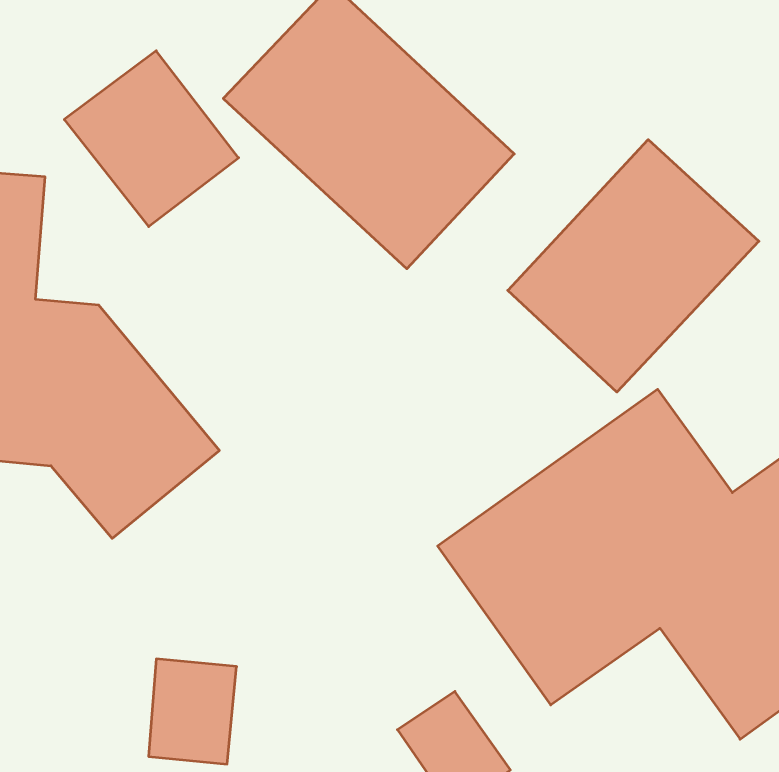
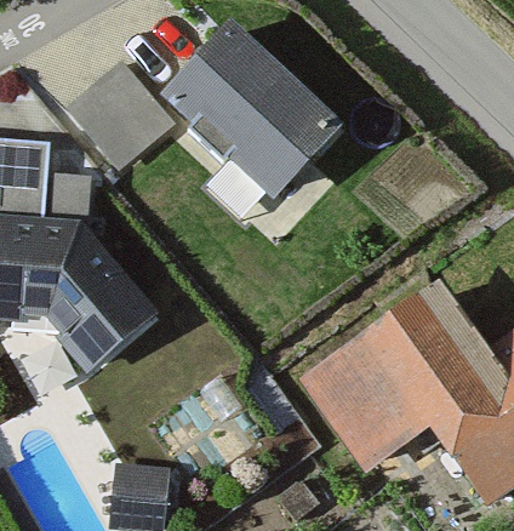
building: [508,140,759,392] -> none

